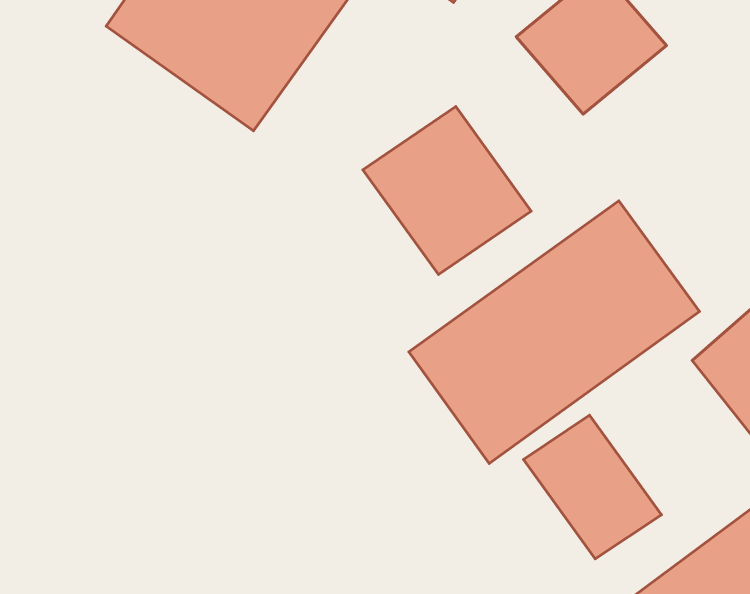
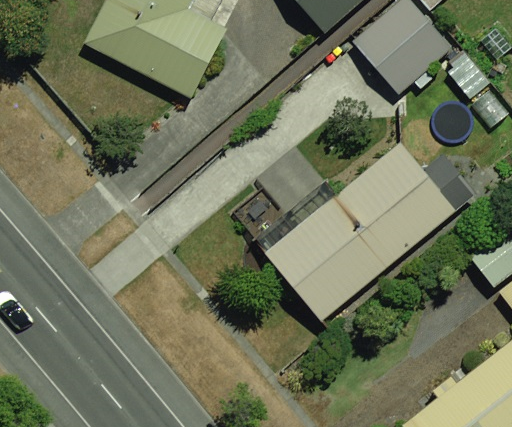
building: [363,106,531,274] -> none
building: [523,415,662,559] -> none

